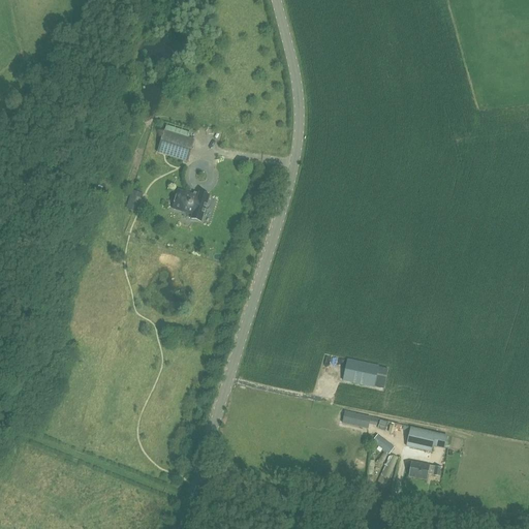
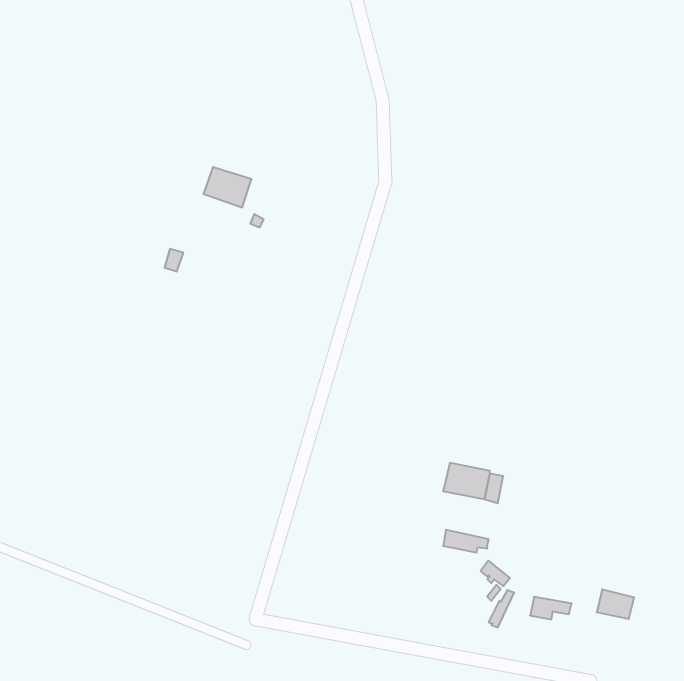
building: [173,189,209,220] -> none
building: [406,427,435,449] -> [597,589,634,619]

